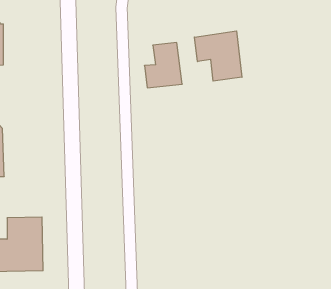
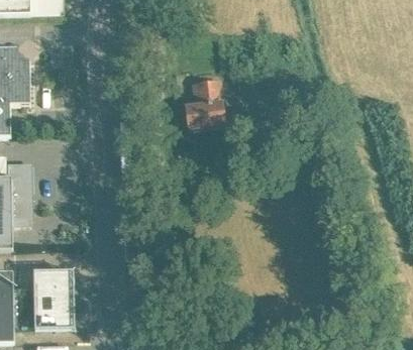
building: [194,31,242,81] -> none

